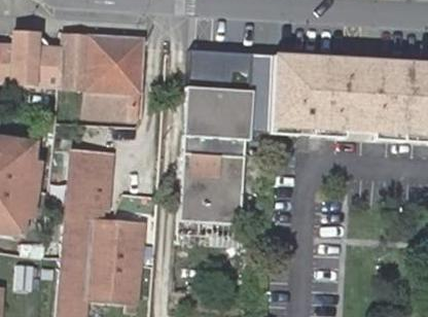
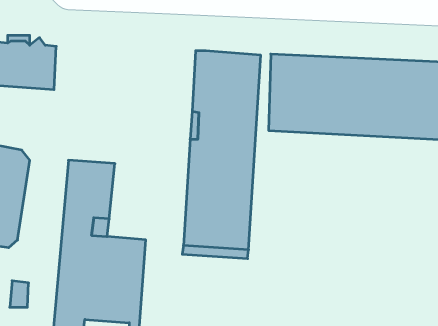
building: [61,34,142,117] -> none

